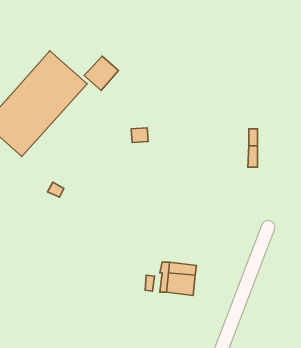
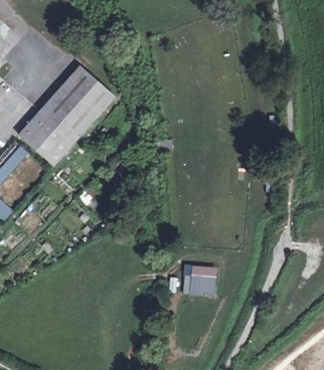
building: [84,56,118,91] -> none

